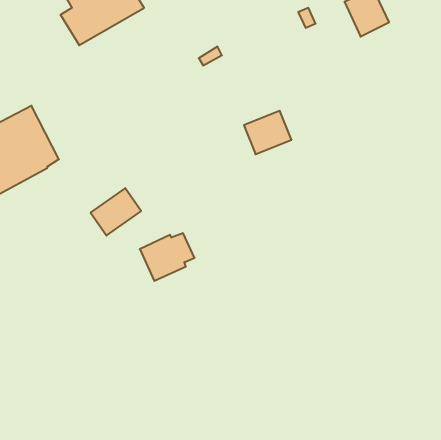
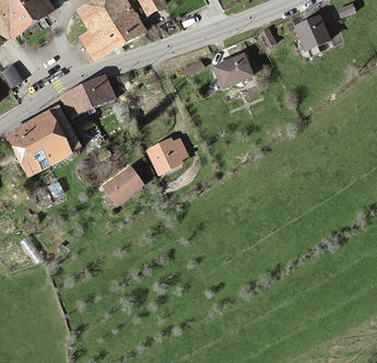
building: none -> [62,79,111,118]
building: [244,111,292,154] -> [215,55,251,87]
building: [140,233,195,281] -> [148,138,189,174]

